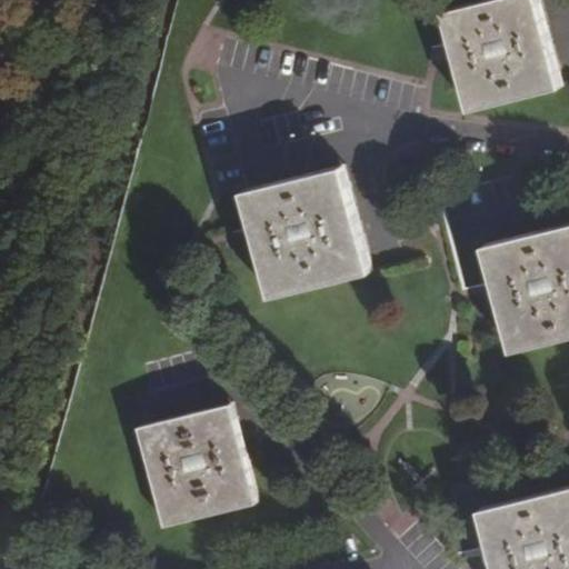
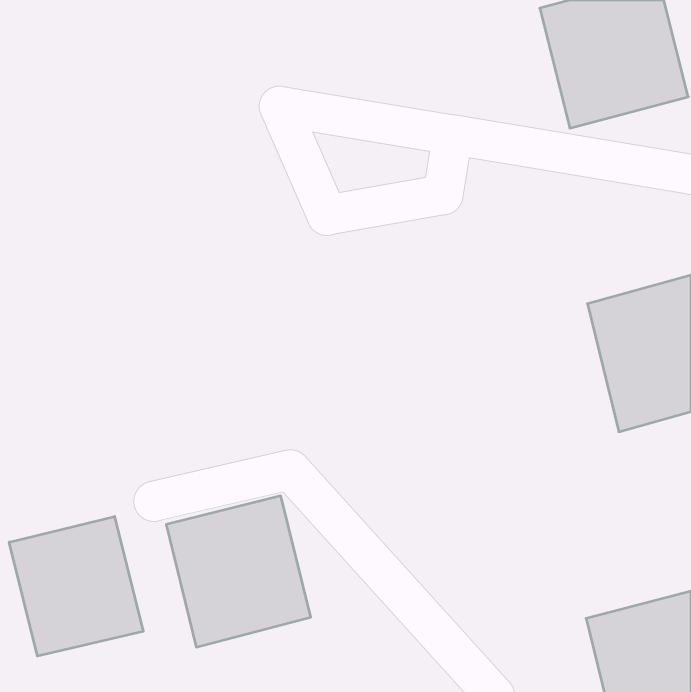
building: [242,168,371,300] -> none
building: none -> [9,516,143,656]

